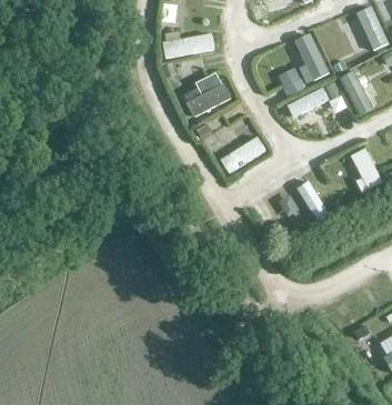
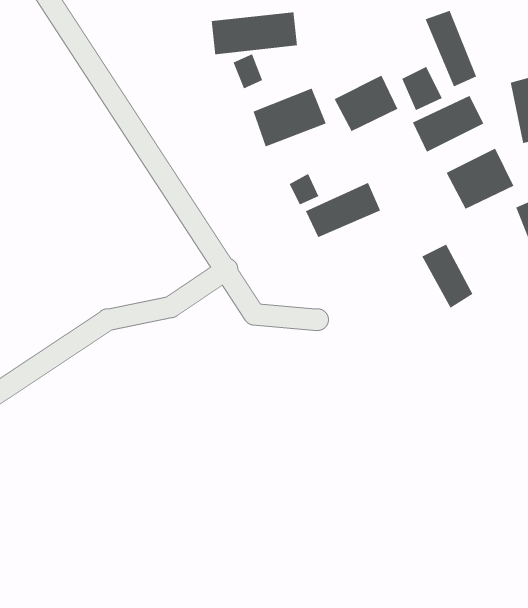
building: none -> [333,75,399,132]
building: none -> [445,147,514,210]

